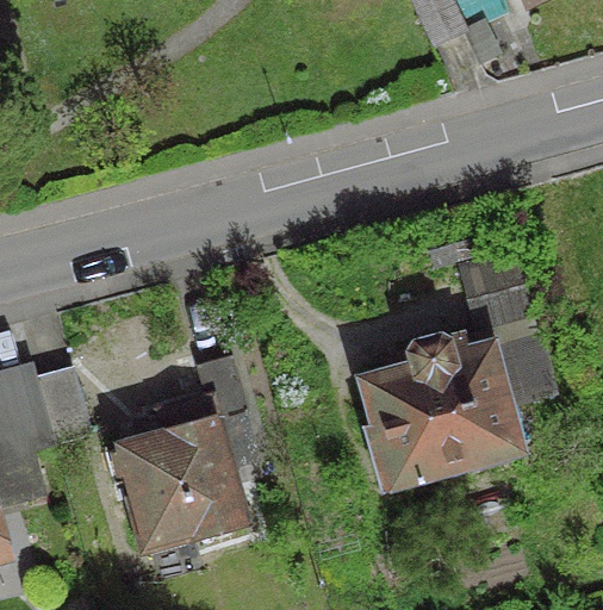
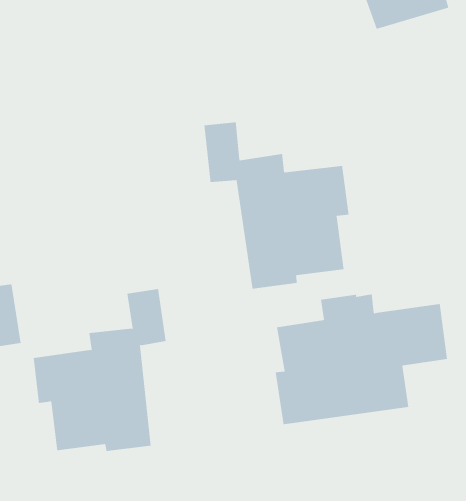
building: none -> [204,122,349,290]

